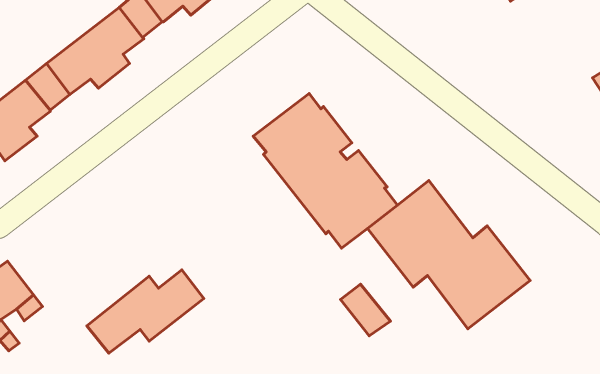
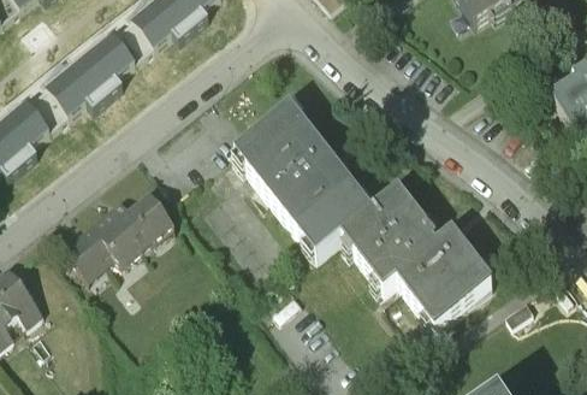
building: [87,270,204,353] -> [65,191,173,269]
building: [341,284,391,336] -> none

